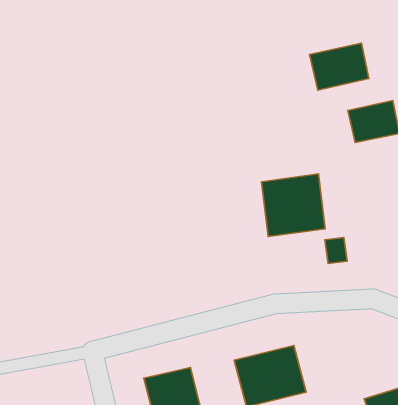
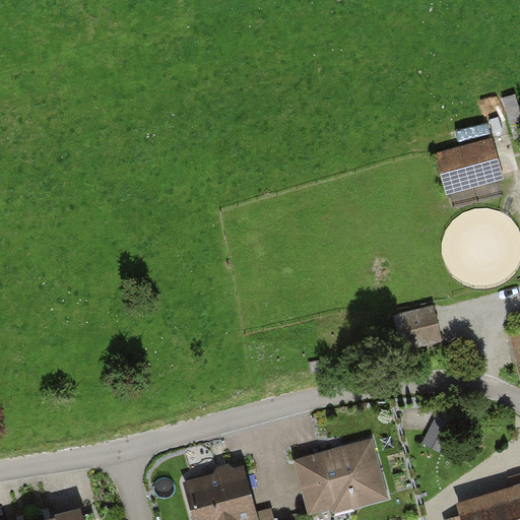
building: [309,43,369,90] -> none
building: [261,174,325,237] -> none

